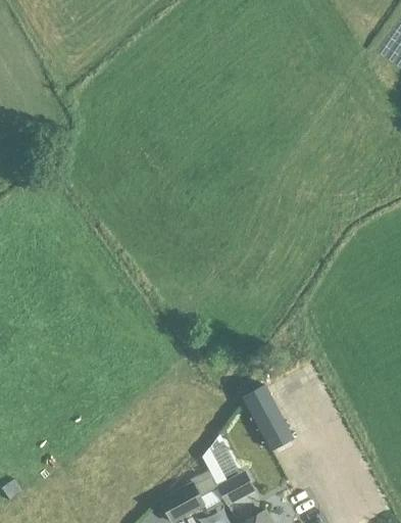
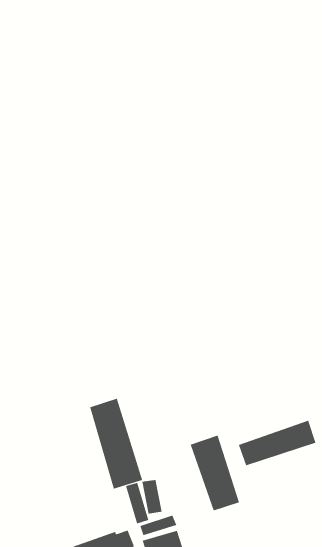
building: none -> [238,420,316,466]
building: none -> [90,398,143,489]

